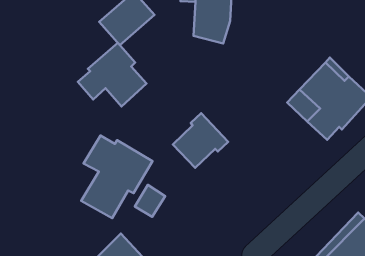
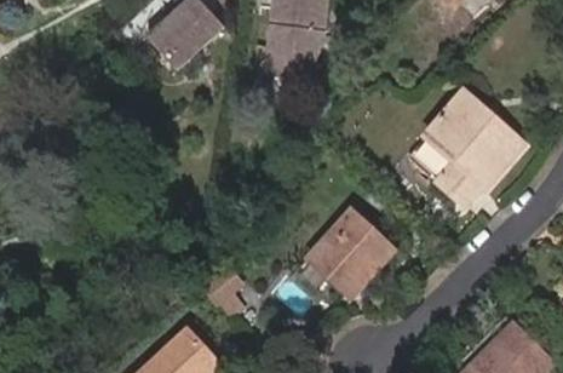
building: [78,43,147,106] -> none
building: [173,113,228,168] -> [317,212,395,288]
building: [81,135,153,218] -> none

